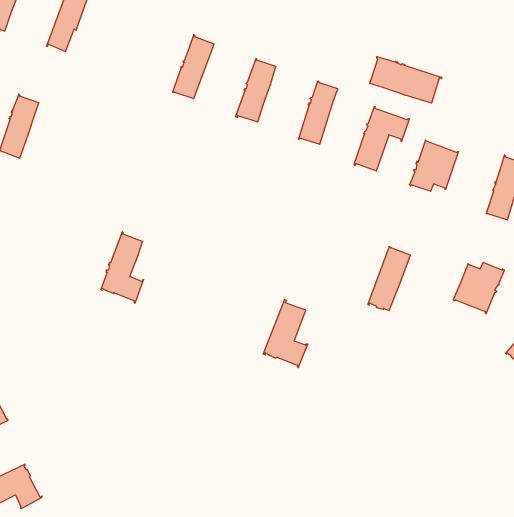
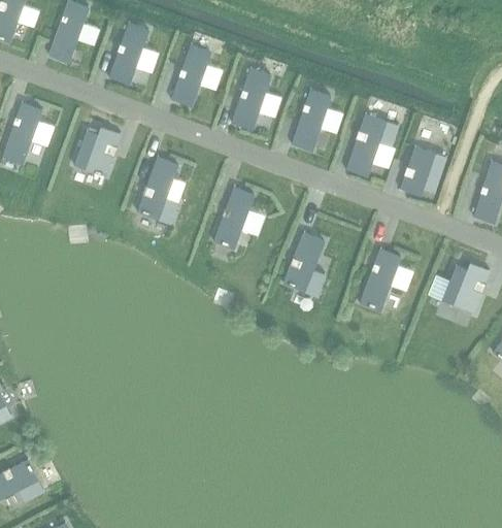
building: none -> [108,22,148,82]
building: [370,57,442,103] -> none
building: none -> [73,128,121,176]
building: none -> [213,186,254,248]
building: [101,232,144,303] -> [137,156,178,225]
building: [263,299,308,368] -> [282,231,326,297]

